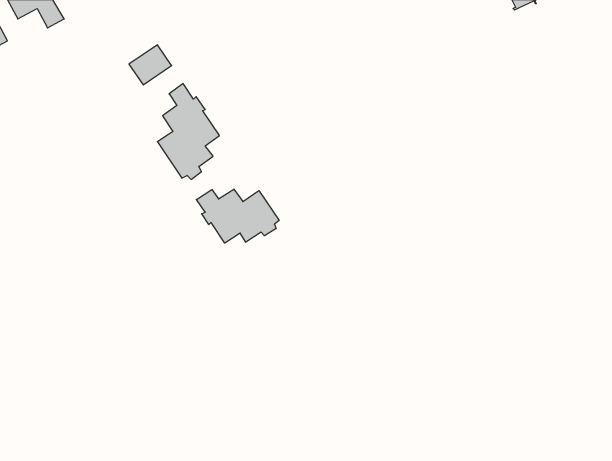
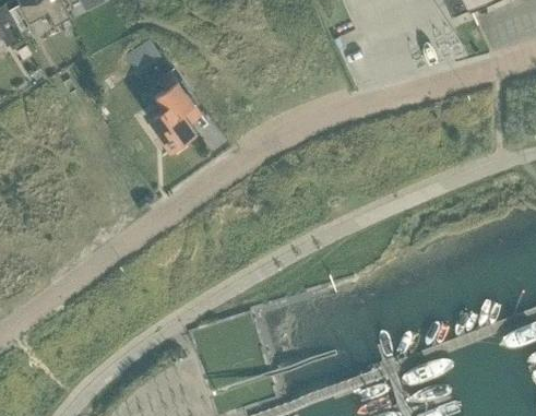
building: [196,189,279,243] -> none

